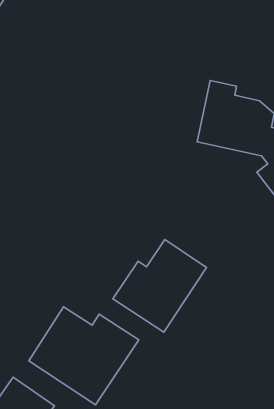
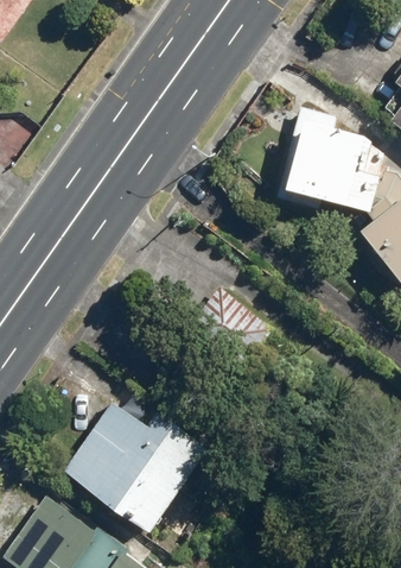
building: [113,240,206,332] -> none

